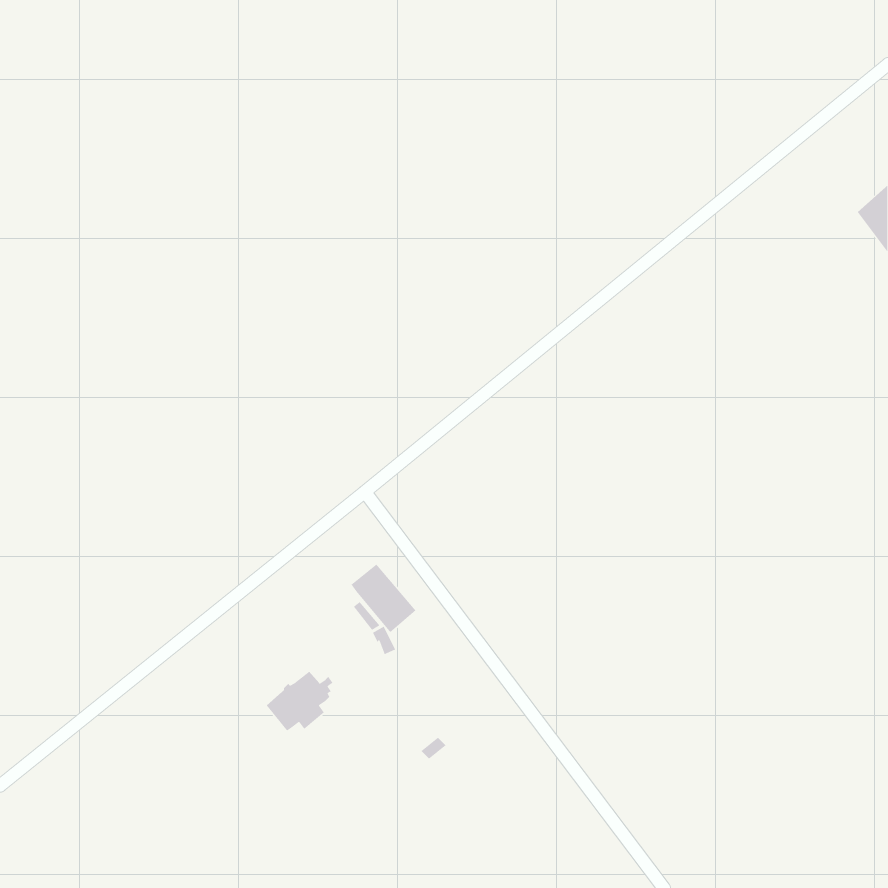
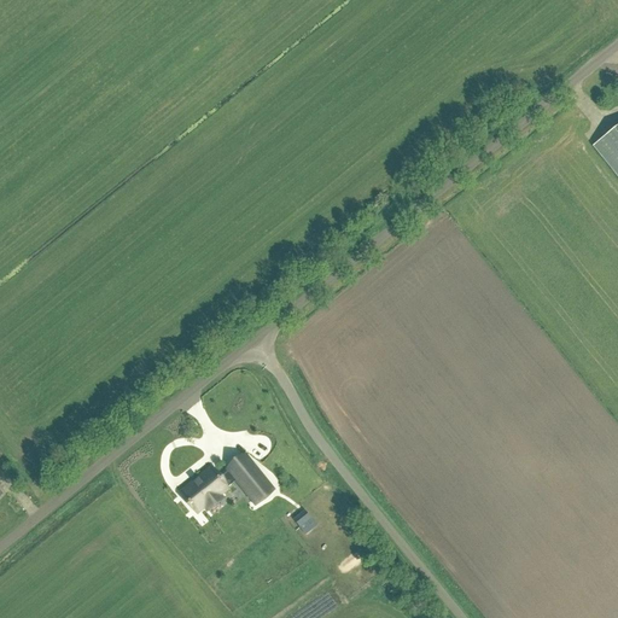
building: [350,564,416,633] -> [228,455,274,503]

